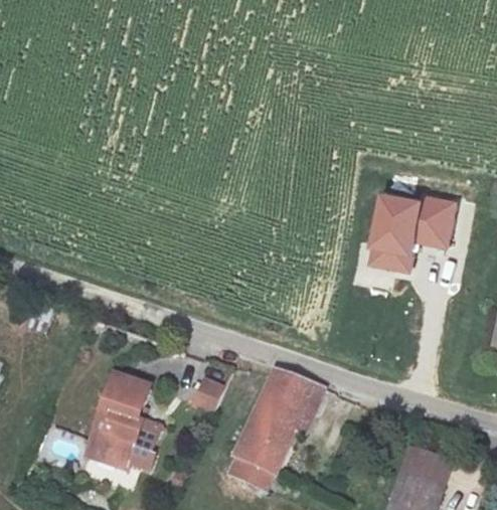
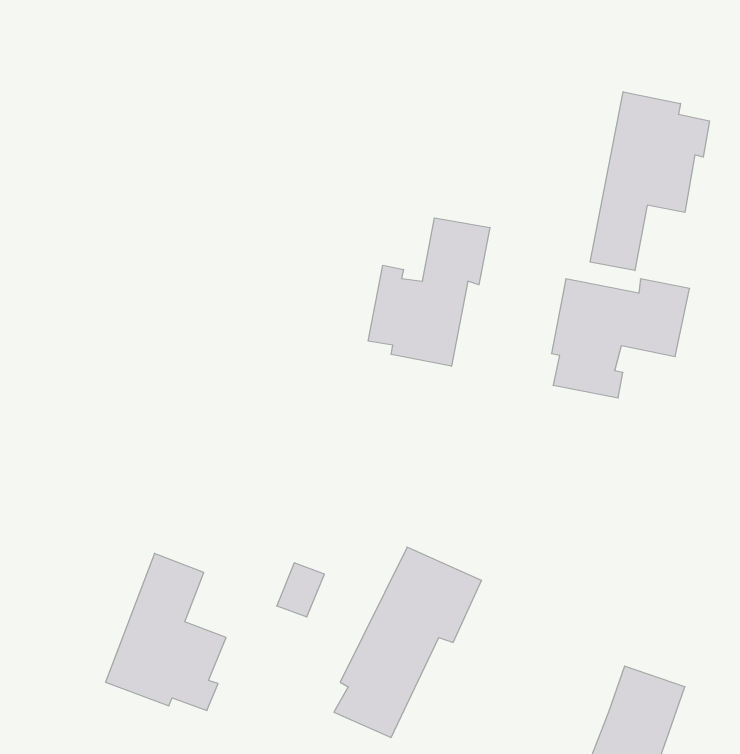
building: none -> [590,92,710,271]
building: none -> [368,218,490,366]

